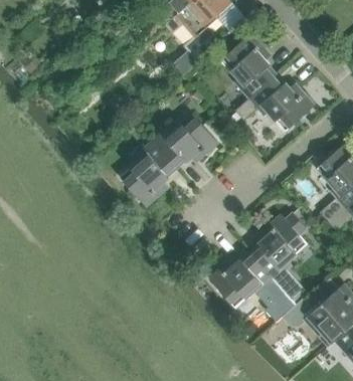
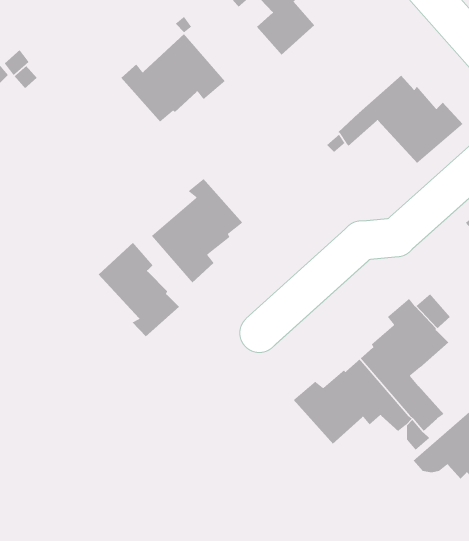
building: [222,33,277,100] -> none
building: [152,113,218,169] -> [120,33,226,122]
building: none -> [98,242,180,337]

